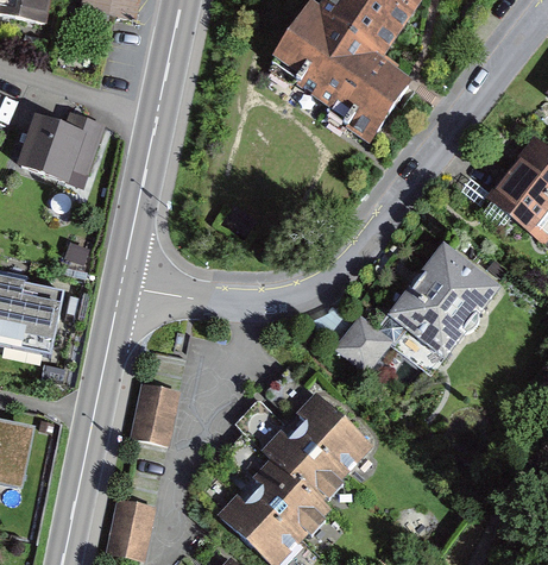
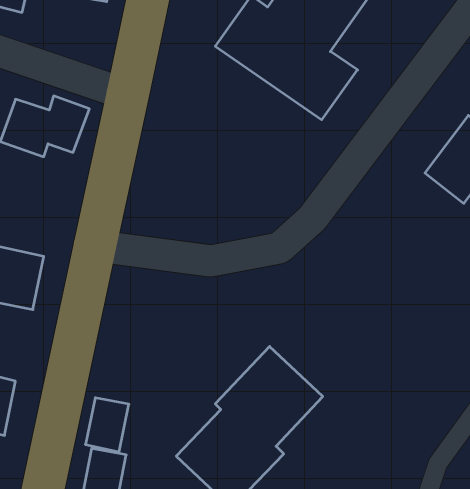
building: [382,241,499,360] -> none
building: [333,318,388,372] -> none
building: [134,383,182,442] -> [85,398,129,452]

